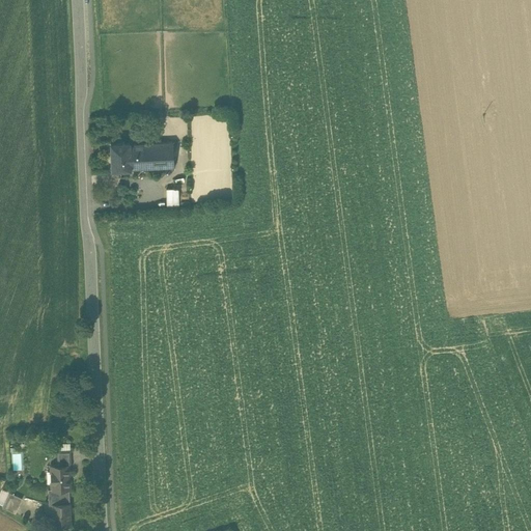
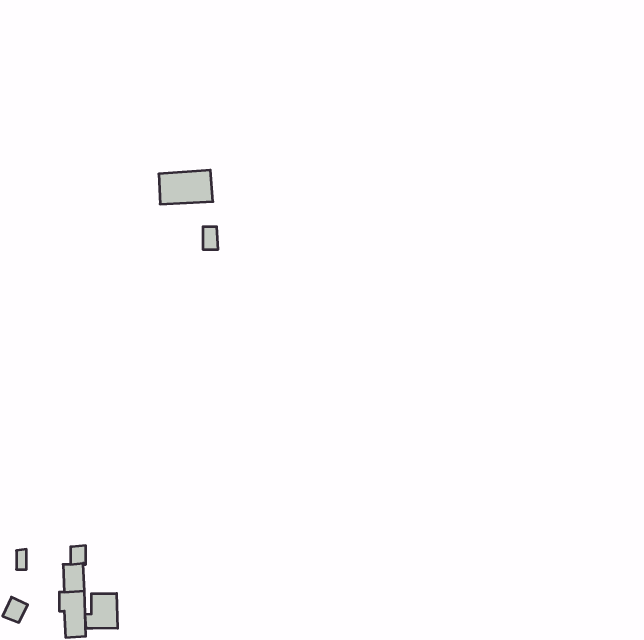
building: [111,142,132,171] -> none
building: none -> [85,593,118,629]

